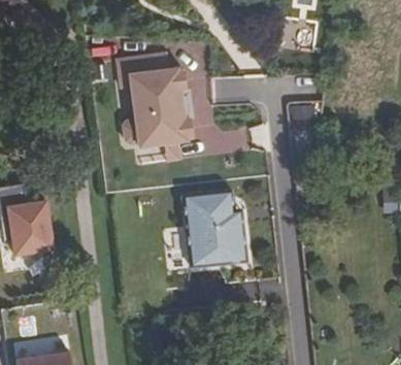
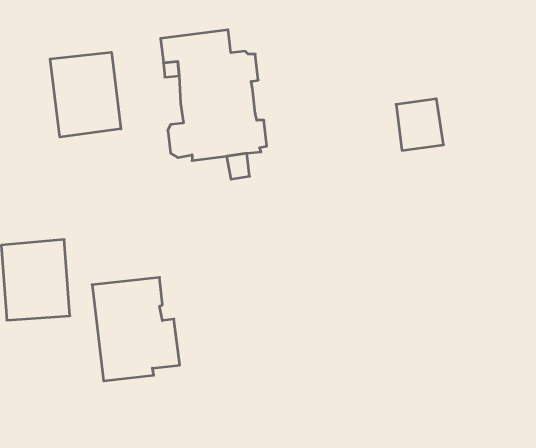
building: none -> [50,52,121,137]
building: [185,187,247,261] -> [92,277,180,381]

